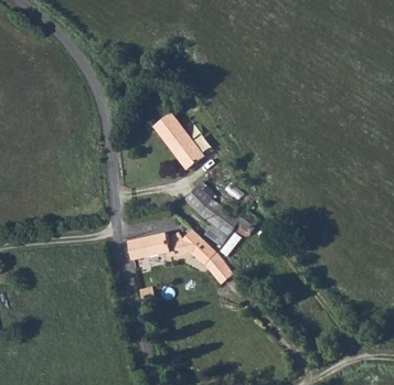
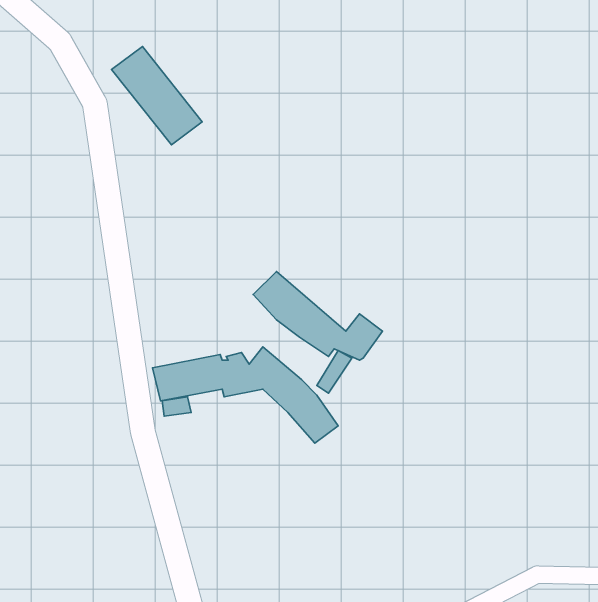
building: [151,113,203,169] -> [111,46,202,145]

